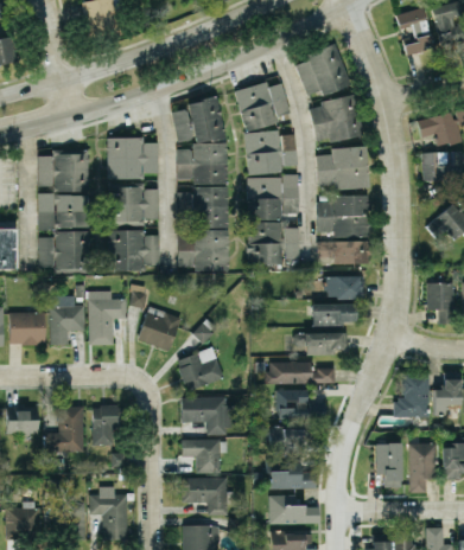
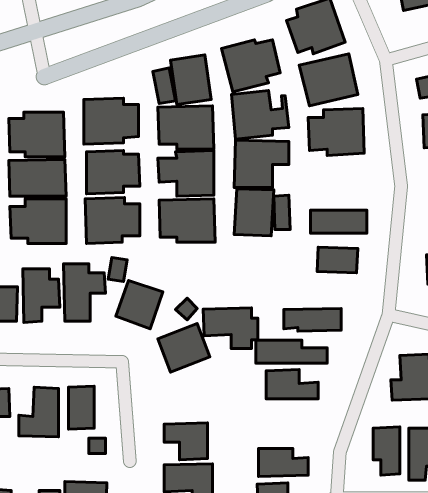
building: [316,196,369,238] -> none
building: [312,305,356,327] -> none
building: [180,397,231,435] -> [203,308,258,349]
building: [269,429,310,453] -> none

